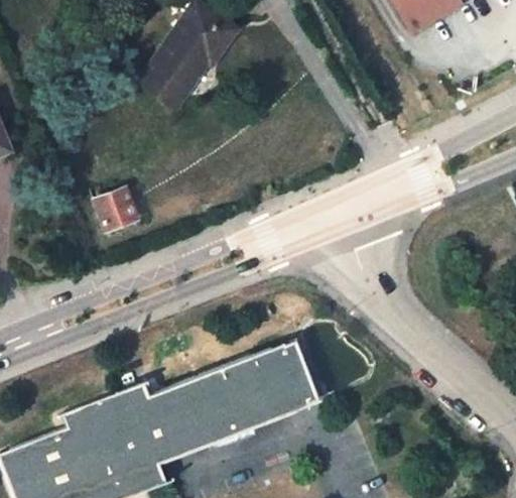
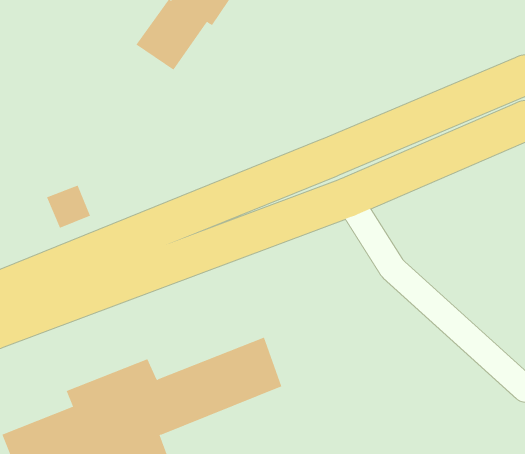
building: [92,186,135,229] -> [46,185,91,228]
building: [260,347,318,412] -> none

